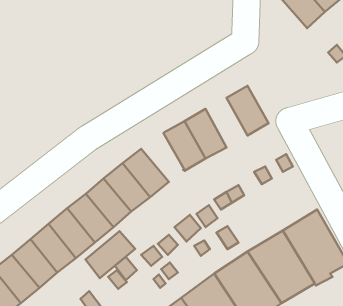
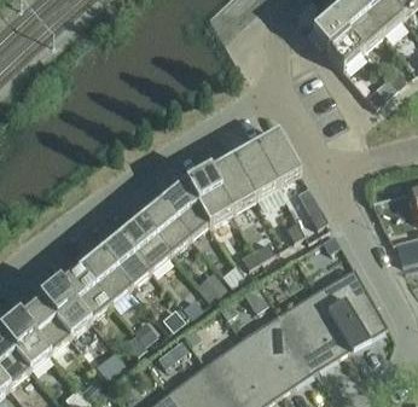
building: none -> [232,145,278,199]
building: none -> [162,180,209,237]
building: [86,231,135,278] -> none

